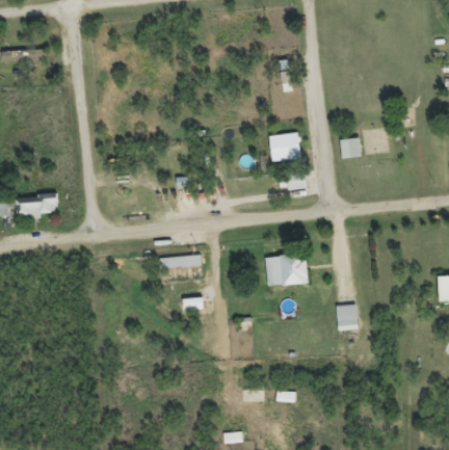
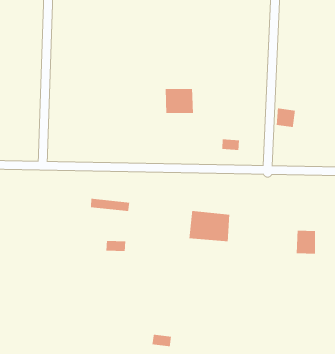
building: [268,131,301,161] -> [165,88,194,114]
building: [336,303,359,330] -> [296,230,316,255]

